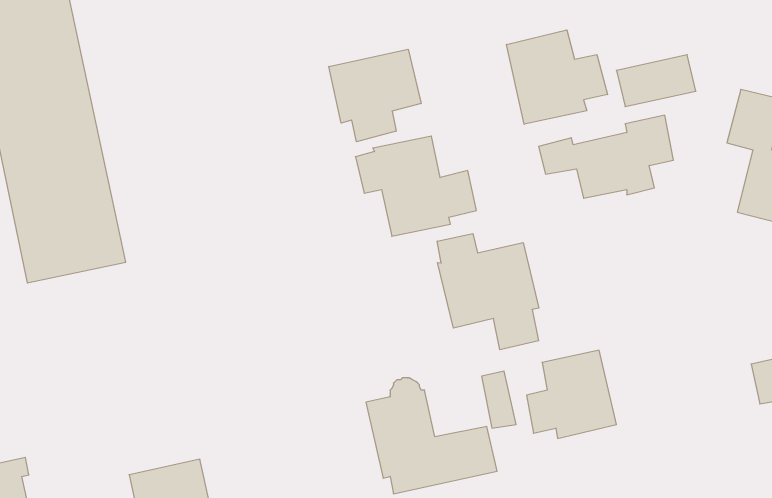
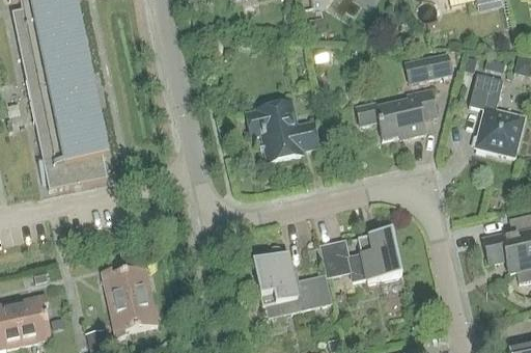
building: [507,30,608,124] -> none
building: [329,49,421,142] -> none
building: [437,234,539,350] -> none
building: none -> [103,266,152,304]

